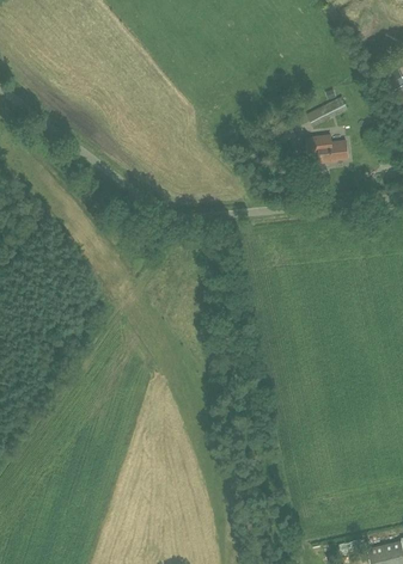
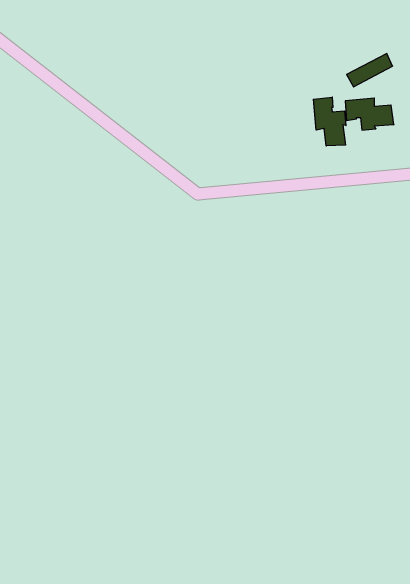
building: none -> [313,97,346,146]

